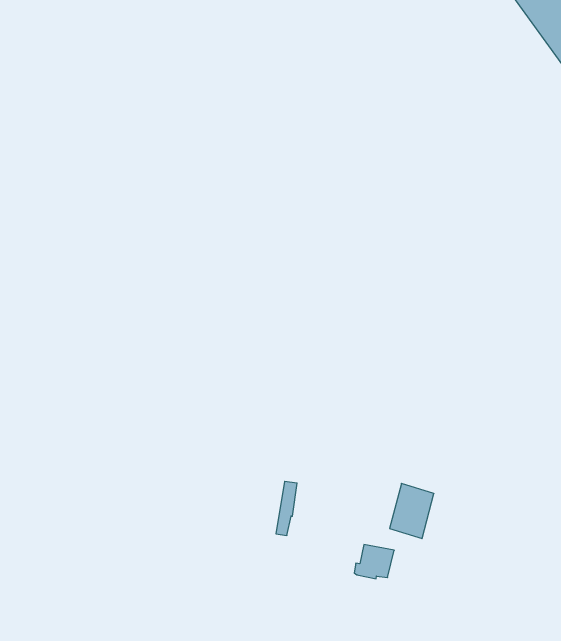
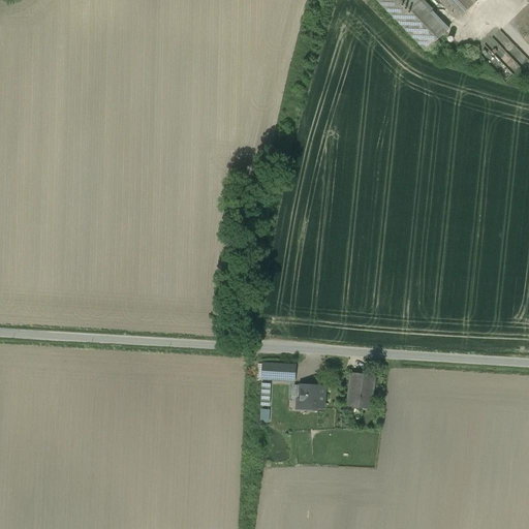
building: none -> [260,362,295,379]
building: [354,545,394,579] -> [297,383,323,407]

